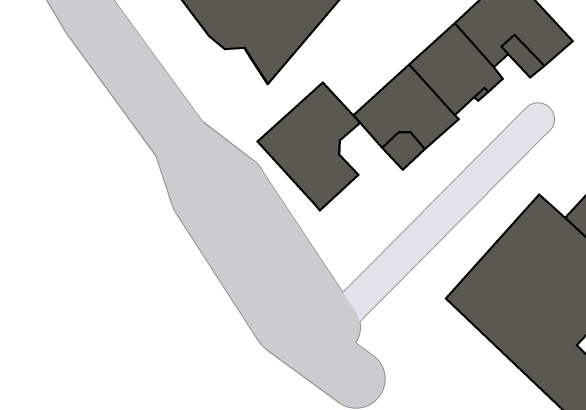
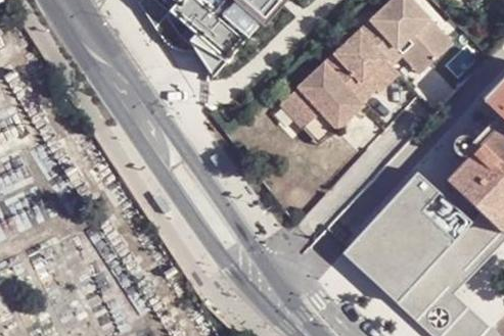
building: [257,83,360,211] -> none

